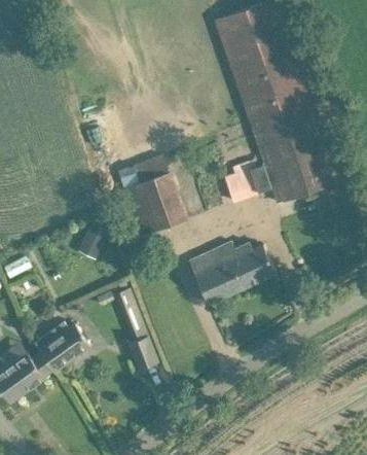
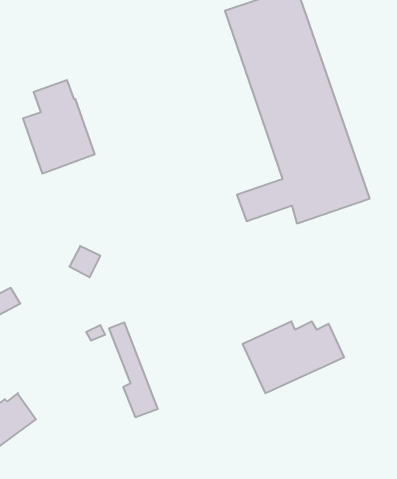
building: [123,155,185,236] -> [23,80,95,173]
building: [188,242,276,304] -> [243,321,344,393]
building: [34,322,89,372] -> none

